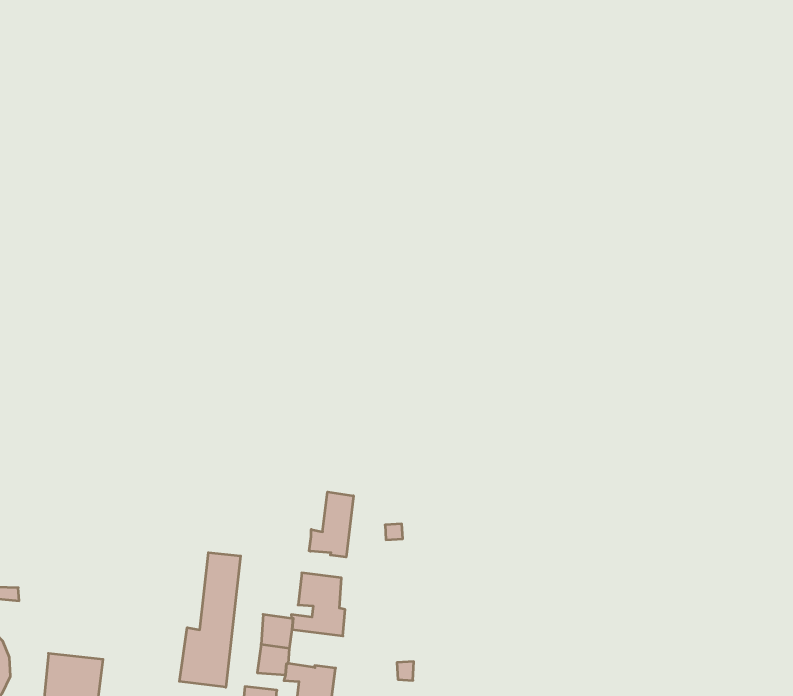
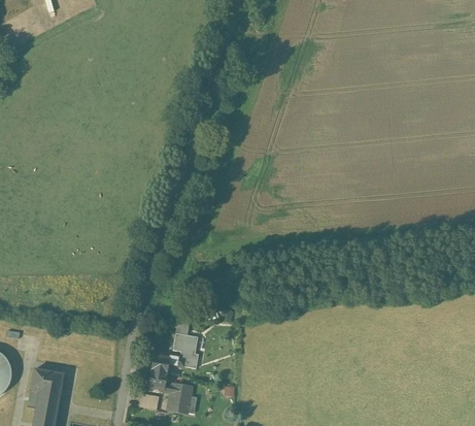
building: [309,492,353,557] -> none
building: [179,553,241,687] -> none

